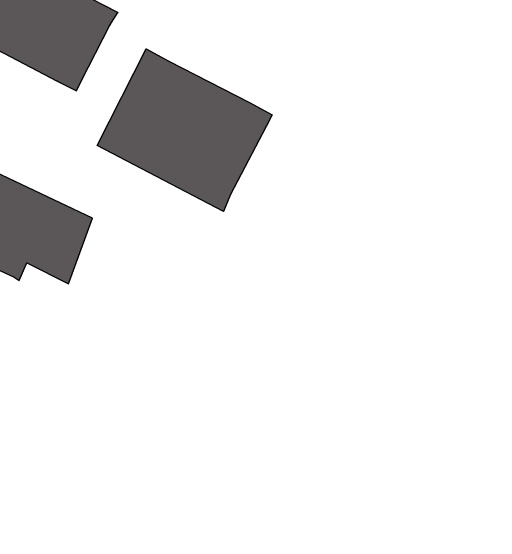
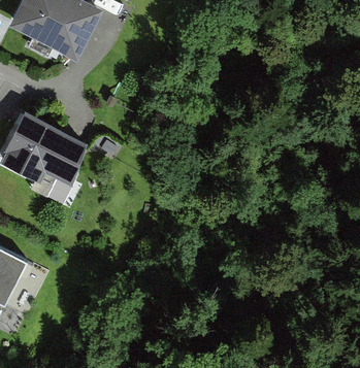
building: [97,49,272,211] -> none

